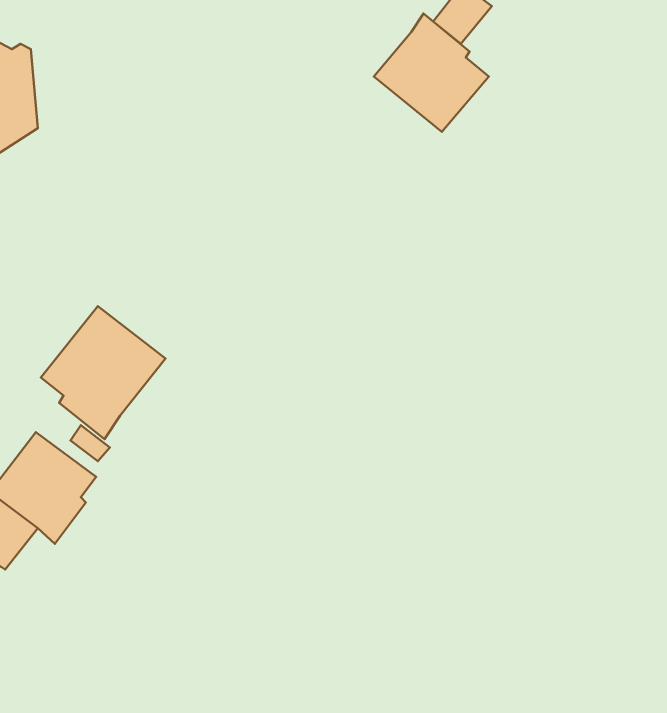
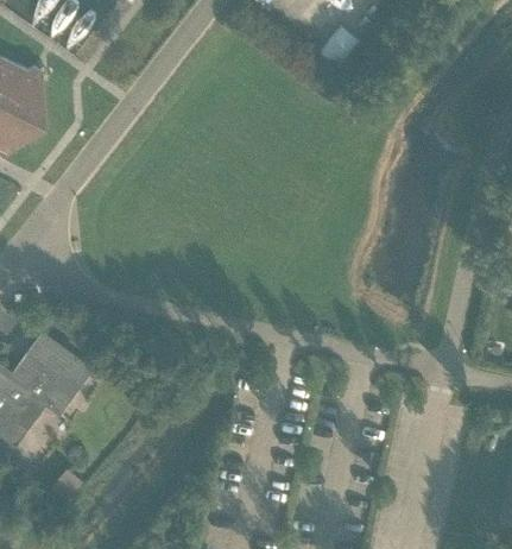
building: [374,14,489,132] -> none
building: [41,306,165,439] -> none

